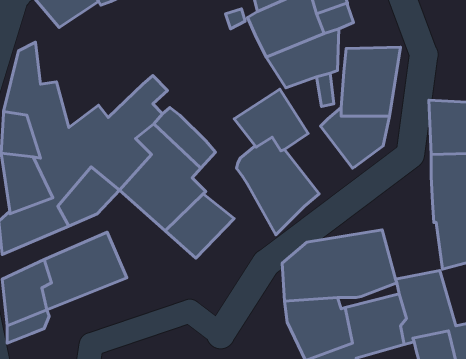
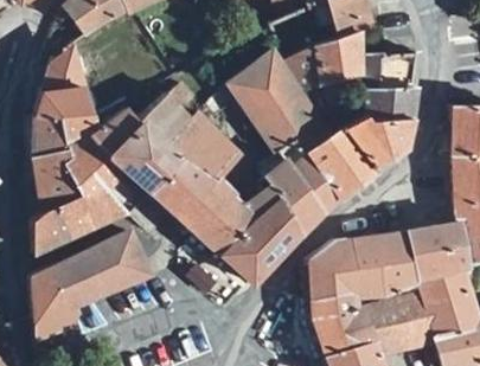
building: none -> [228,46,300,122]
building: none -> [305,129,370,194]
building: none -> [219,218,284,283]
building: none -> [398,221,456,276]

